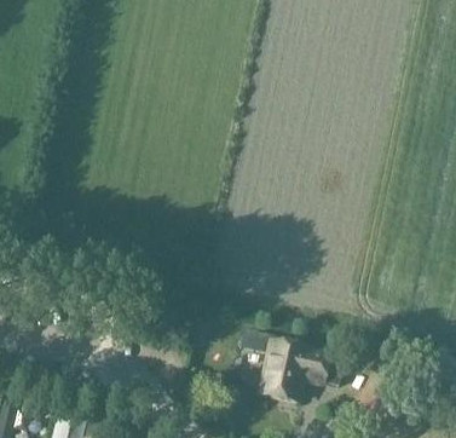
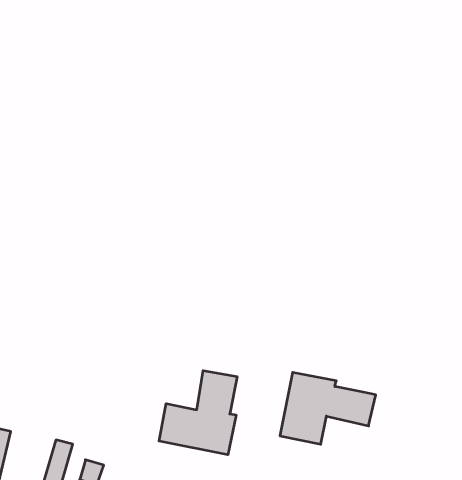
building: none -> [159,371,237,455]

